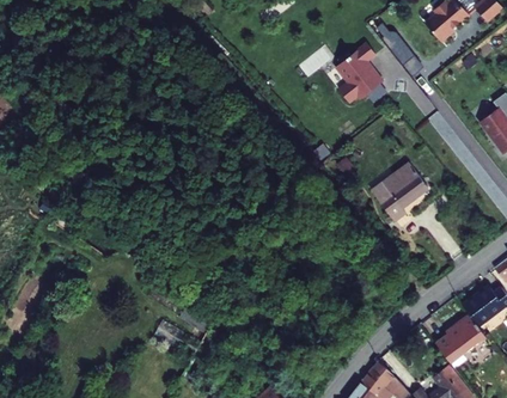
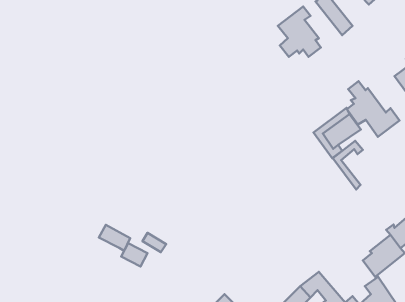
building: none -> [347,81,400,137]
building: none -> [333,141,363,190]
building: none -> [99,225,130,251]

